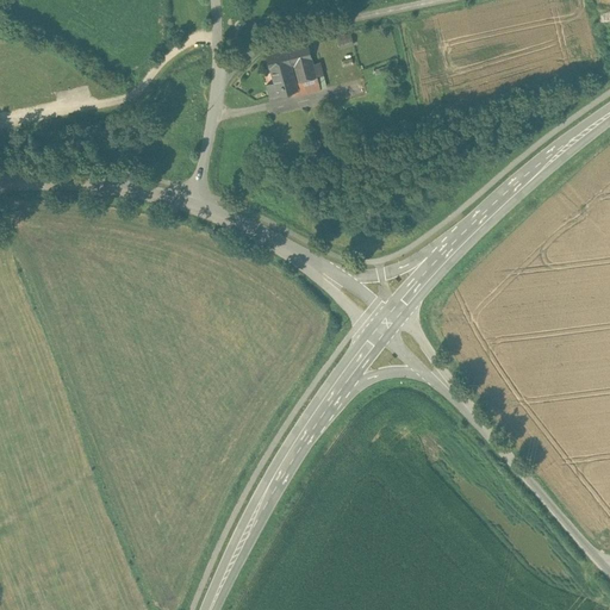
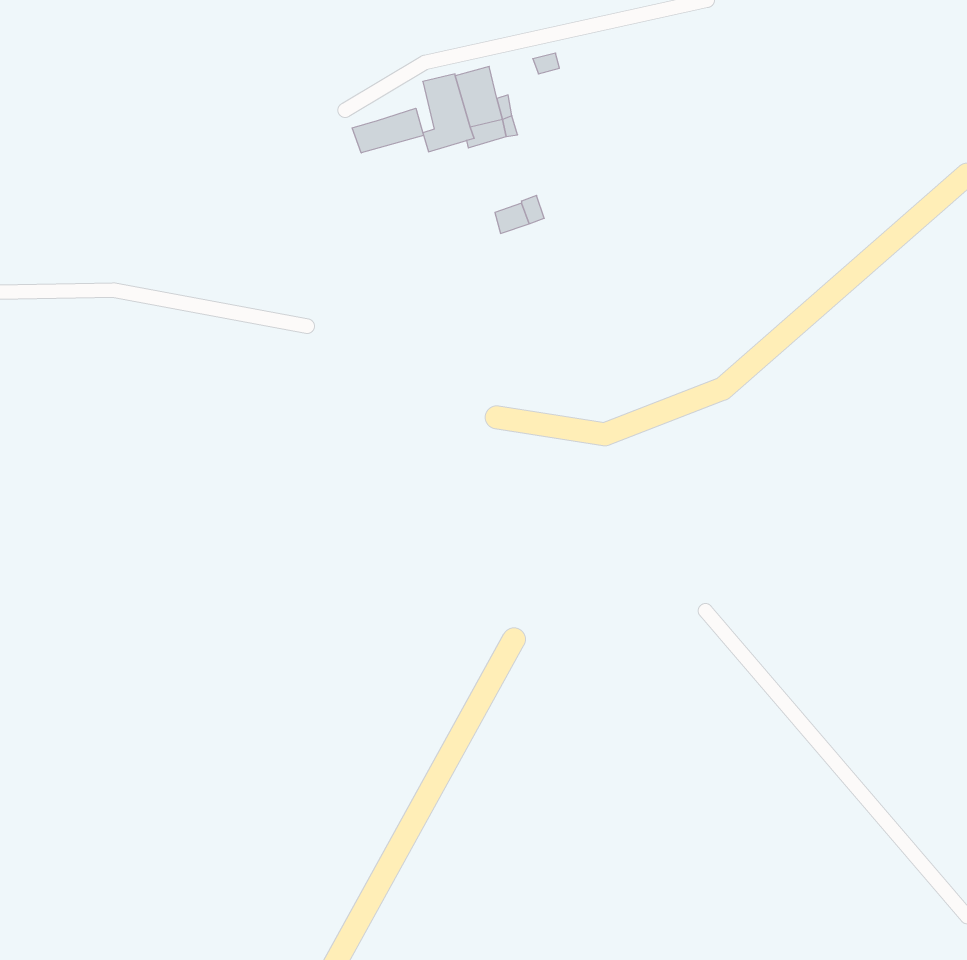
building: none -> [352,108,424,153]

